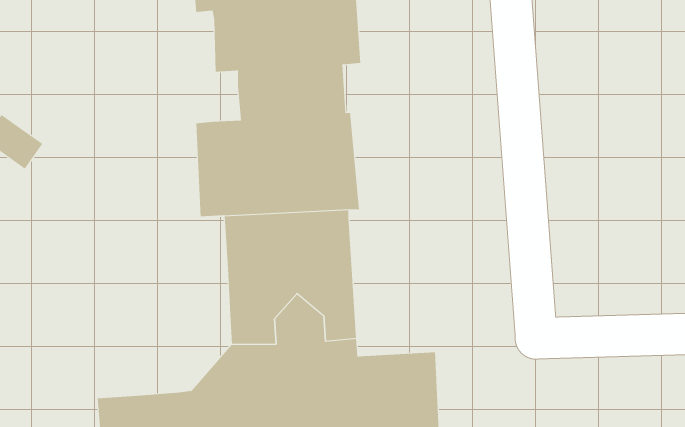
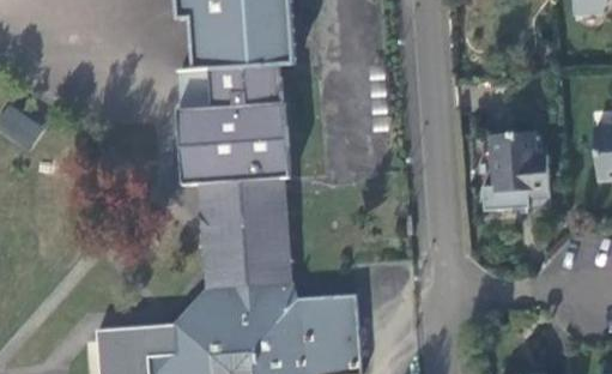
building: none -> [486,131,547,203]

